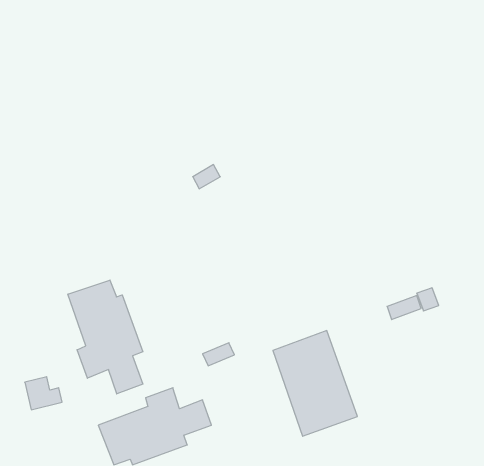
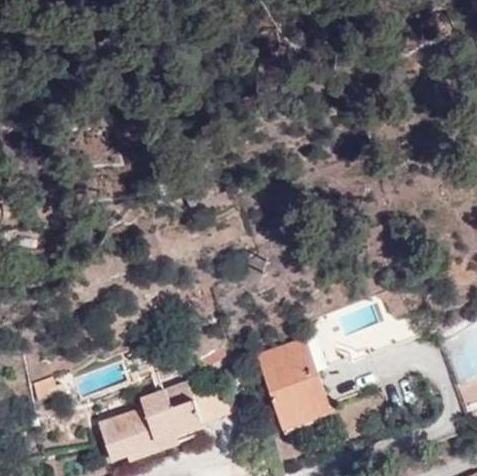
building: [68,280,143,394] -> none

